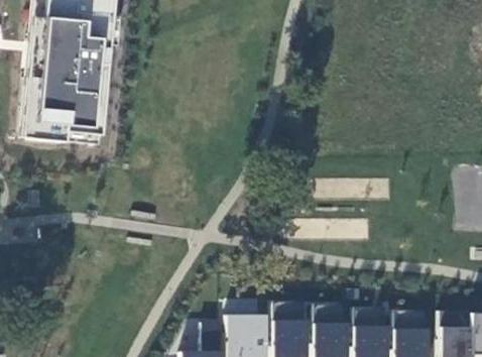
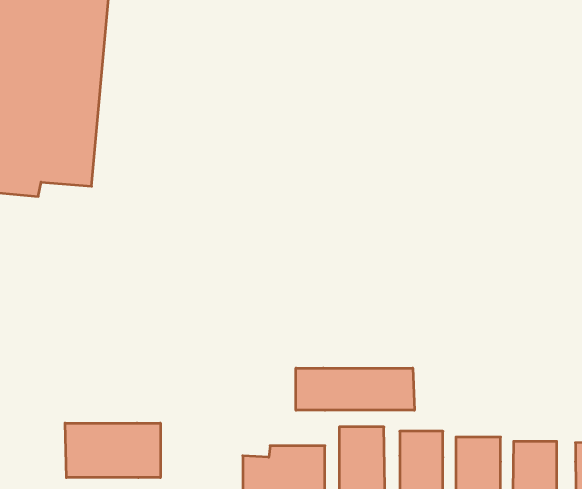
building: none -> [296,368,414,410]
building: none -> [65,423,160,478]

